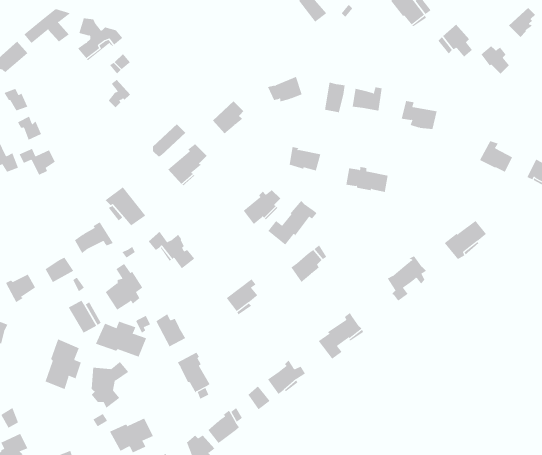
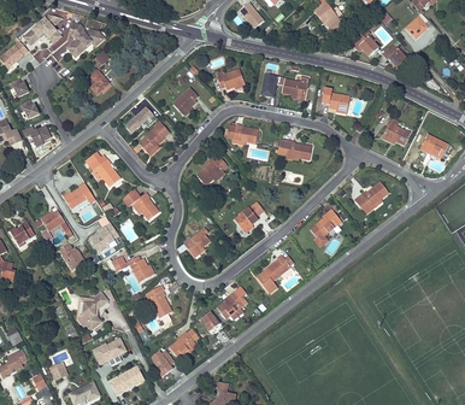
building: [267,200,317,245] -> none
building: [95,321,147,357] -> none
building: [45,338,82,390] -> none

